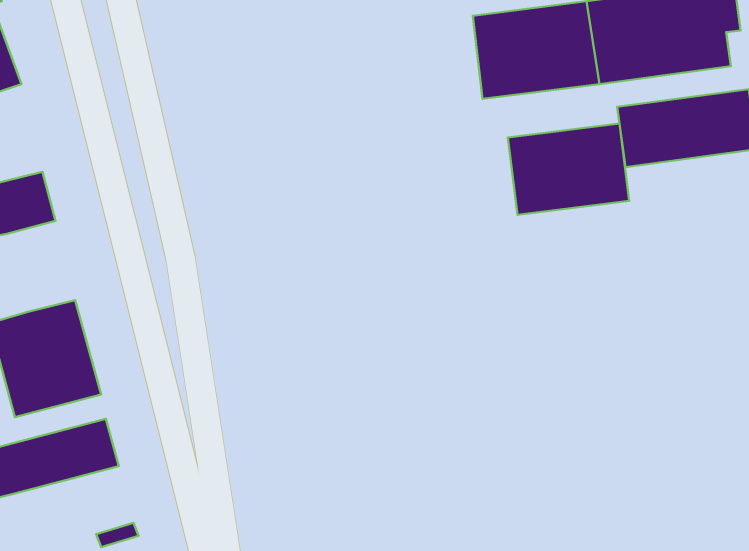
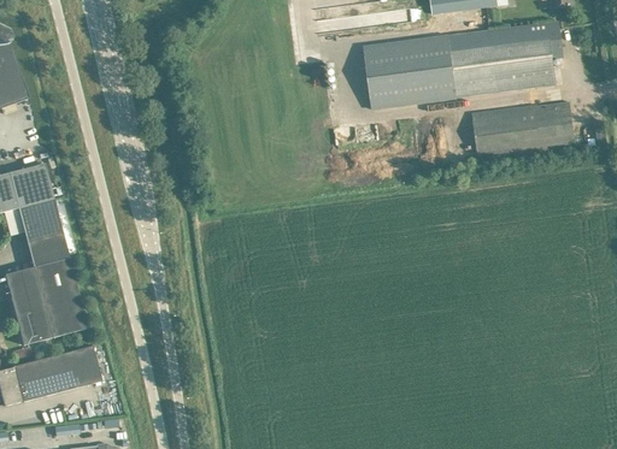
building: [508,124,629,215] -> none
building: none -> [17,199,67,266]

